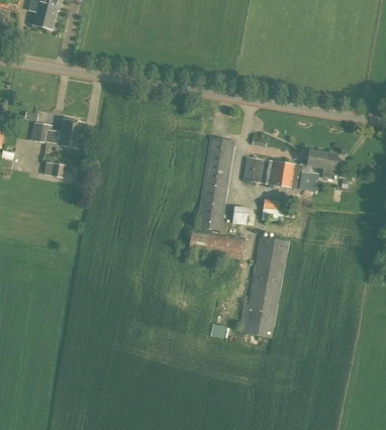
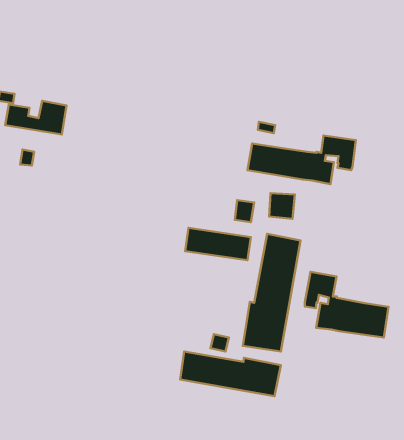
building: [196,136,235,231] -> none
building: none -> [305,272,389,338]
building: none -> [180,352,281,396]

